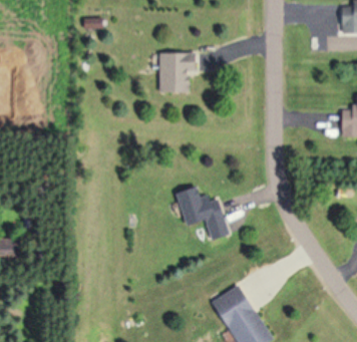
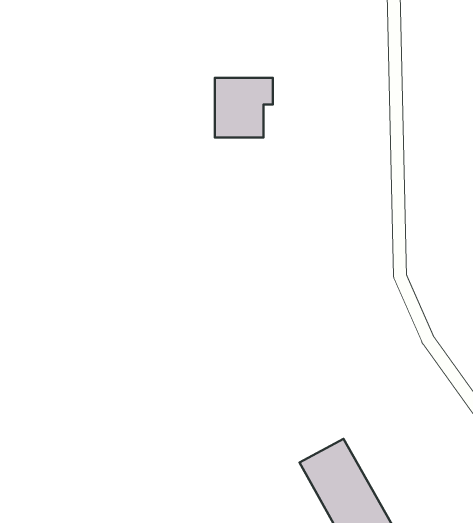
building: [176,187,229,240] -> none

